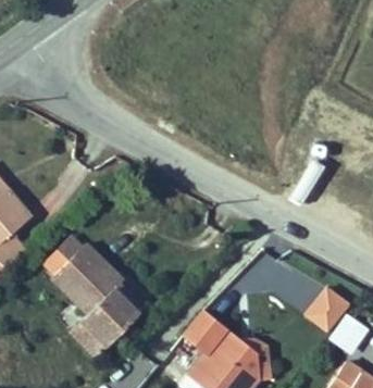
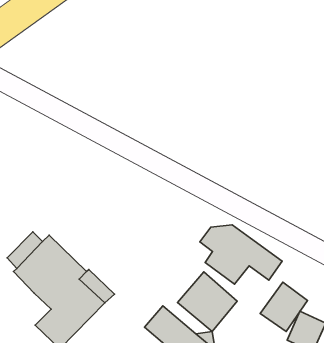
building: none -> [200,225,282,284]
building: none -> [177,272,237,332]

